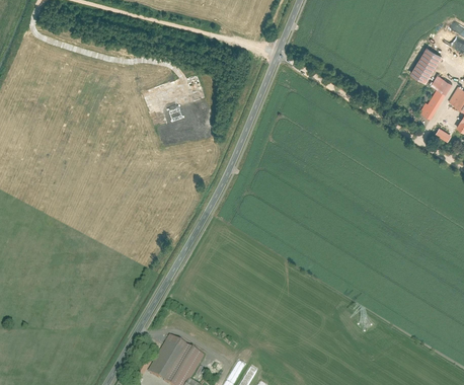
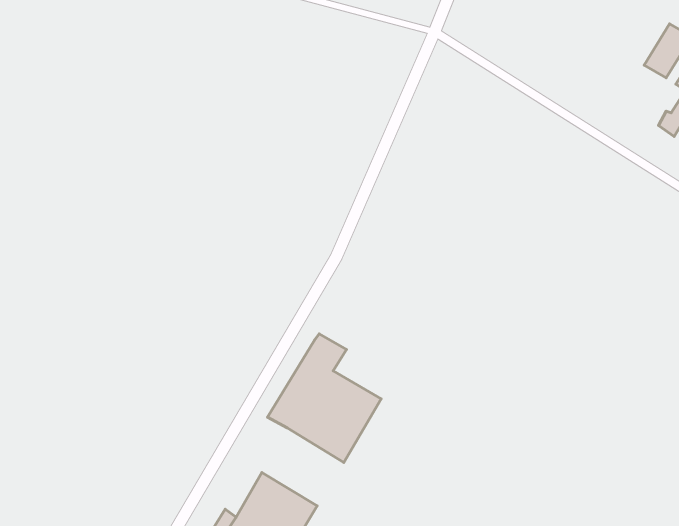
building: none -> [267,334,381,463]

